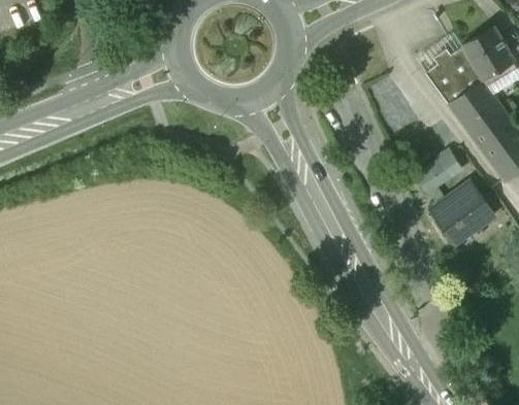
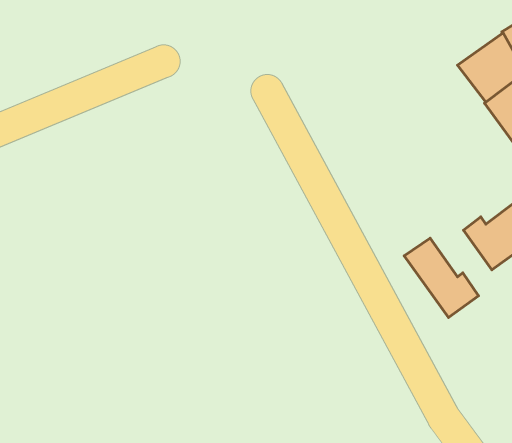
building: [416,150,461,193] -> none
building: none -> [404,238,479,317]

